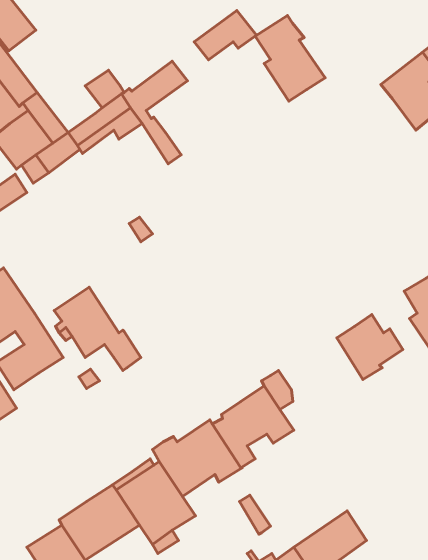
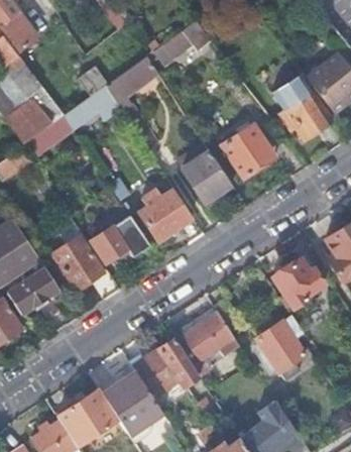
building: [255,15,325,101] -> [277,72,332,138]
building: none -> [221,123,276,178]
building: none -> [183,150,233,208]
building: none -> [138,189,205,244]
building: none -> [92,215,150,261]
building: none -> [255,315,305,379]

